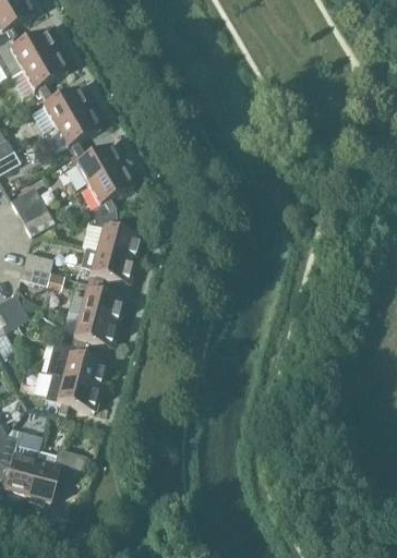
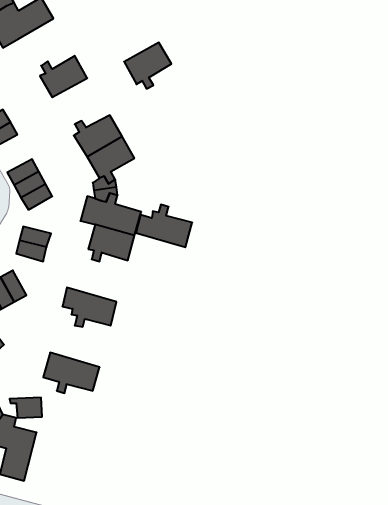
building: [22,49,68,95] -> none
building: [55,107,100,151] -> [124,43,171,89]
building: [69,282,123,324] -> [136,205,192,247]
building: [46,340,107,387] -> none
building: [27,447,87,504] -> none

